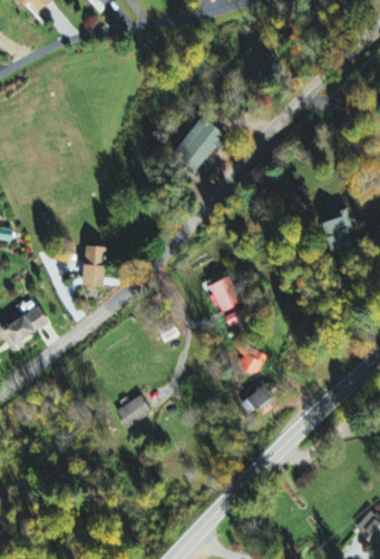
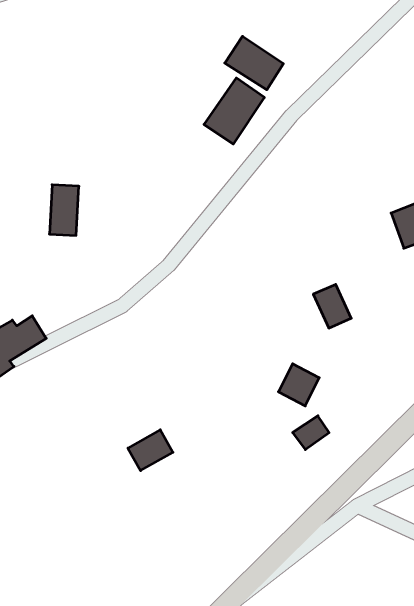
building: none -> [225,36,283,90]
building: [84,245,107,285] -> [49,185,79,235]
building: [206,277,236,312] -> [313,284,351,328]

